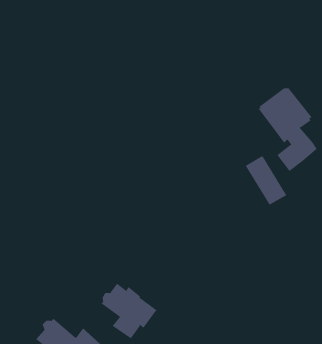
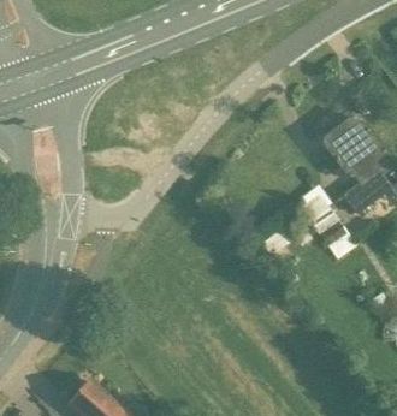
building: [101,283,157,339] -> none

